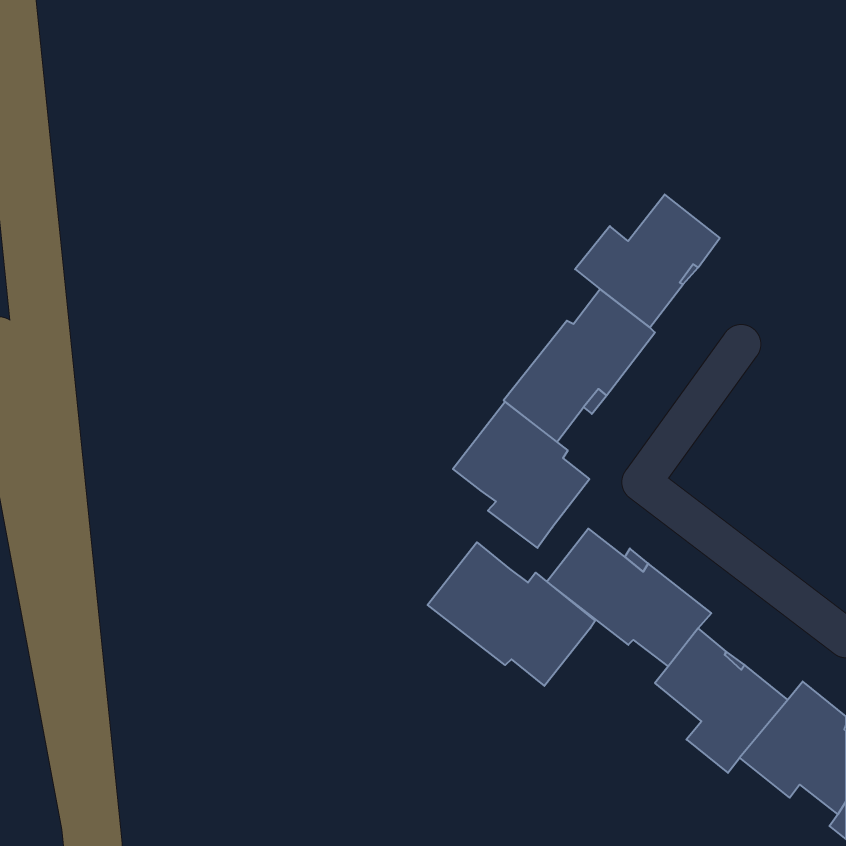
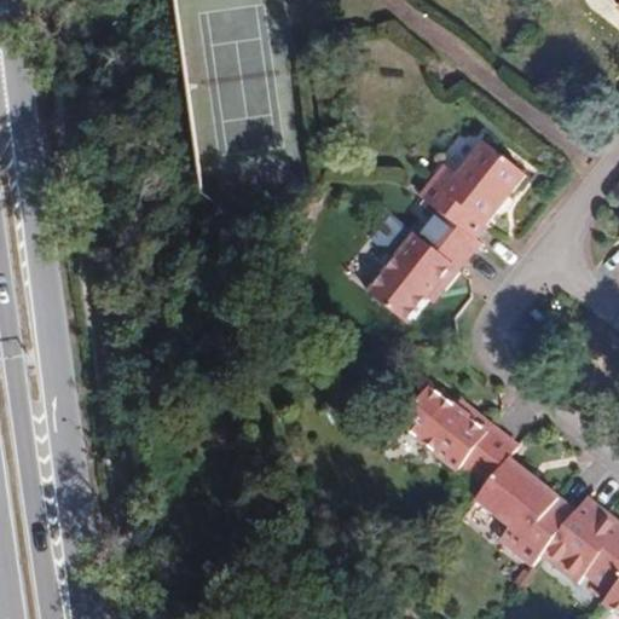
building: [453,402,589,548] -> none
building: [428,542,595,686] -> none

